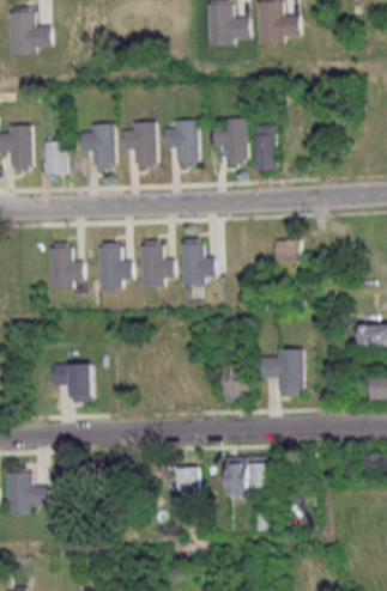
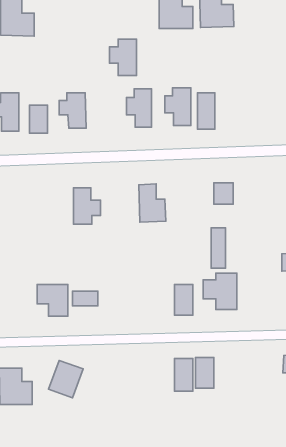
building: [122,122,156,167] -> [109,39,136,76]
building: [140,240,174,287] -> none
building: [50,243,83,288] -> none
building: none -> [211,228,225,268]
building: none -> [72,291,98,306]
building: [177,465,200,493] -> none

